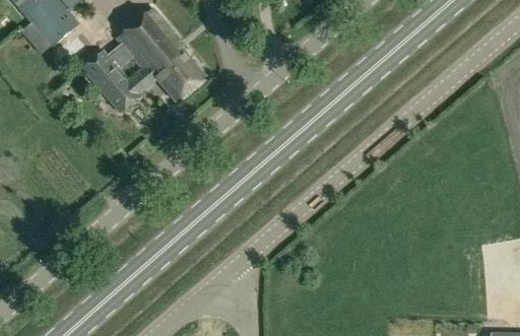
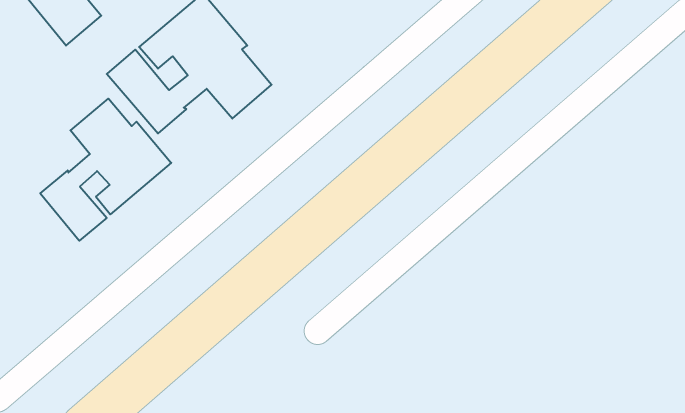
building: none -> [40,99,171,241]

